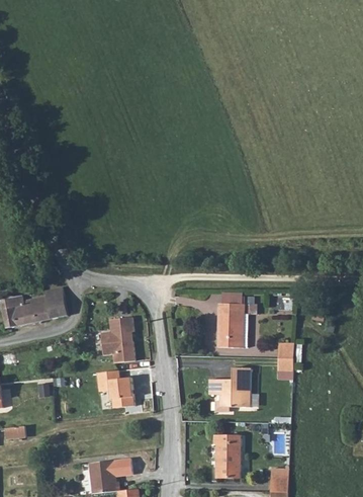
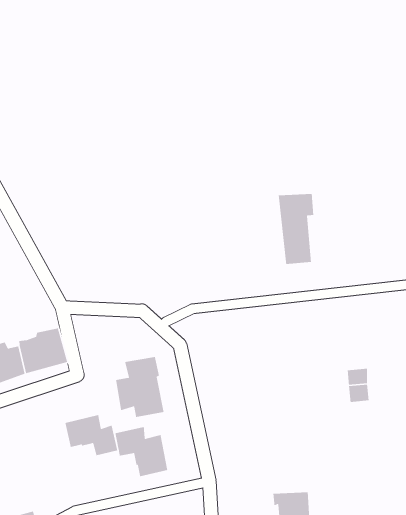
building: [217,291,244,344] -> [278,193,314,265]
building: none -> [65,414,118,456]
building: [208,365,249,408] -> none

